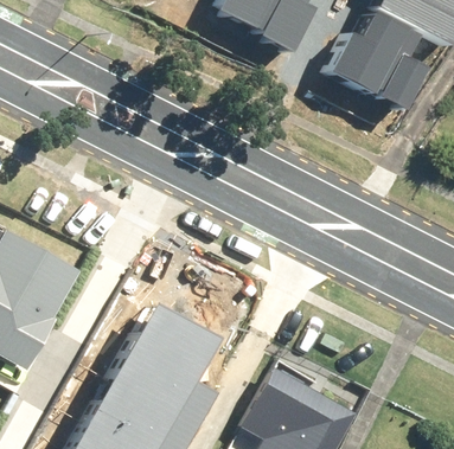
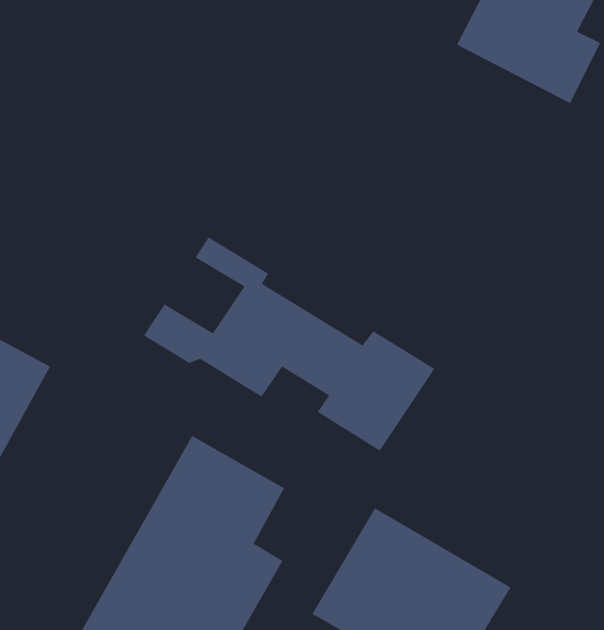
building: none -> [143,237,435,452]

